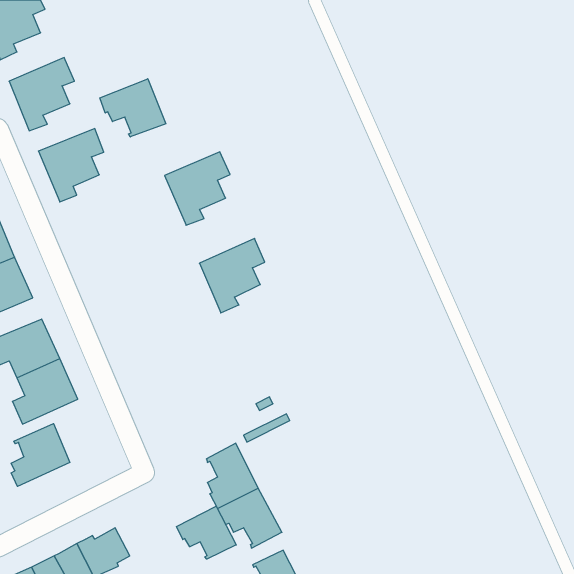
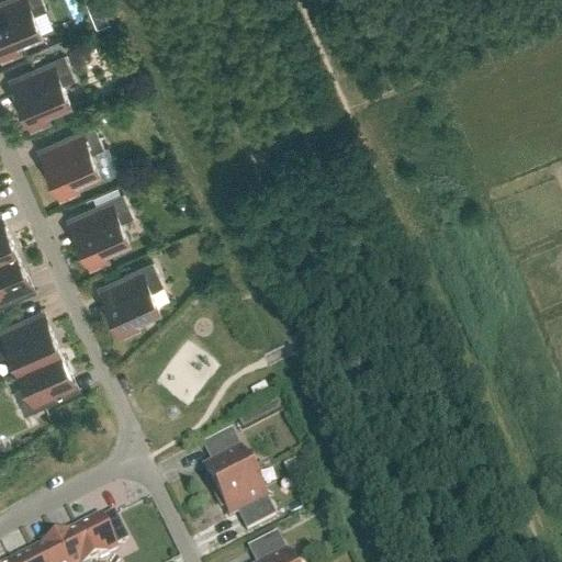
building: [100,79,166,137] -> none
building: [165,152,230,225] -> [67,196,131,268]
building: [199,238,265,313] -> [98,265,161,337]
building: [11,424,70,486] -> none
building: [177,506,236,559] -> none

